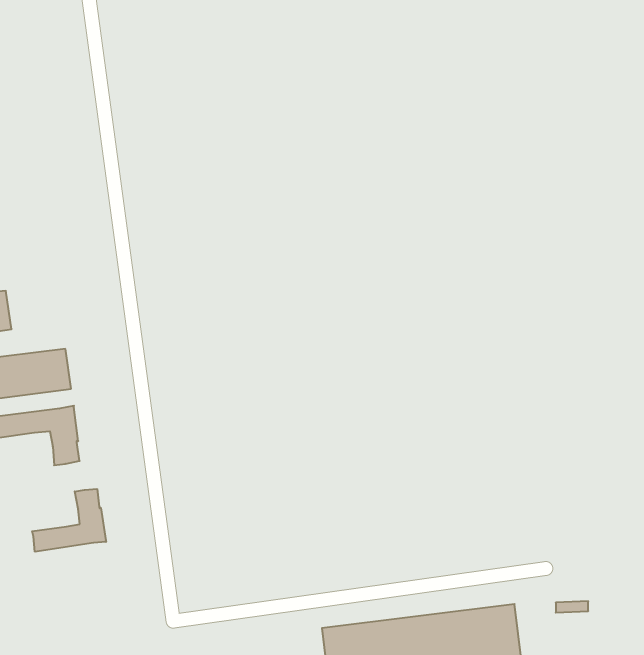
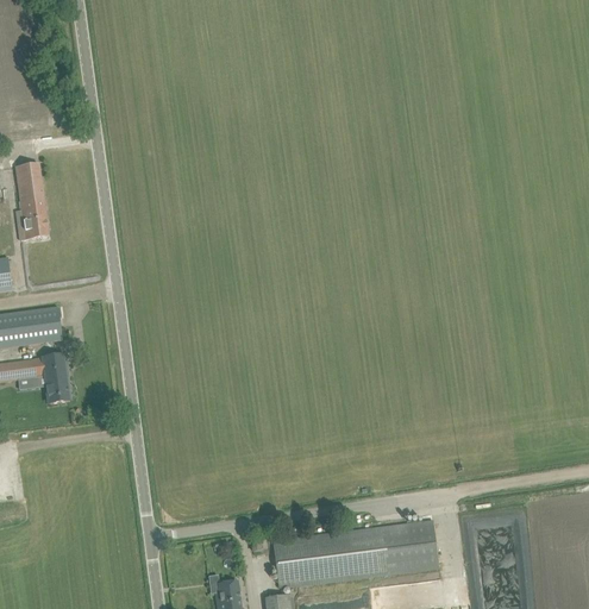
building: none -> [14,163,49,239]
building: [32,489,106,552] -> none

